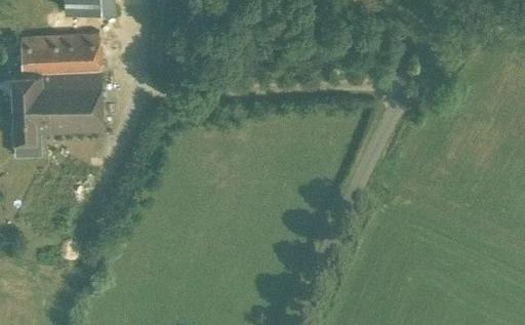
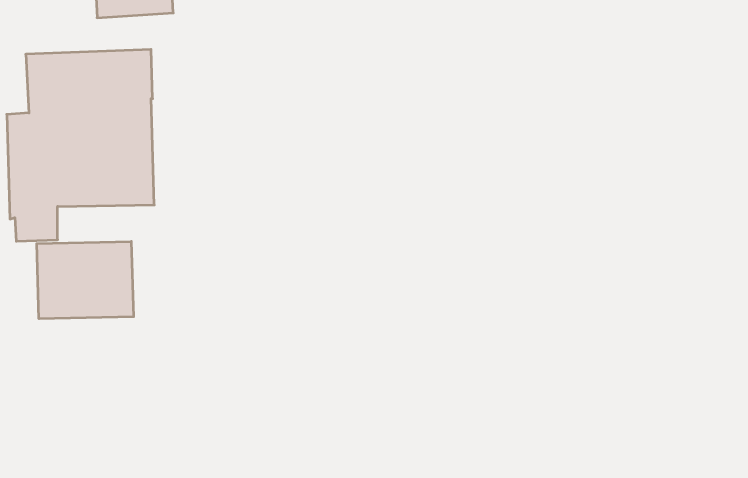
building: none -> [37,241,134,319]

